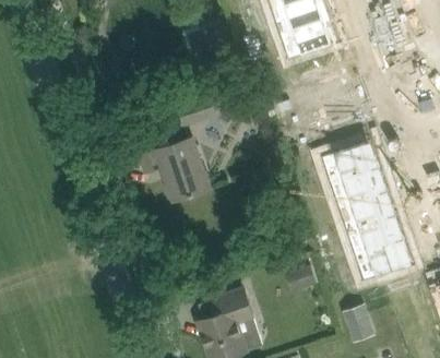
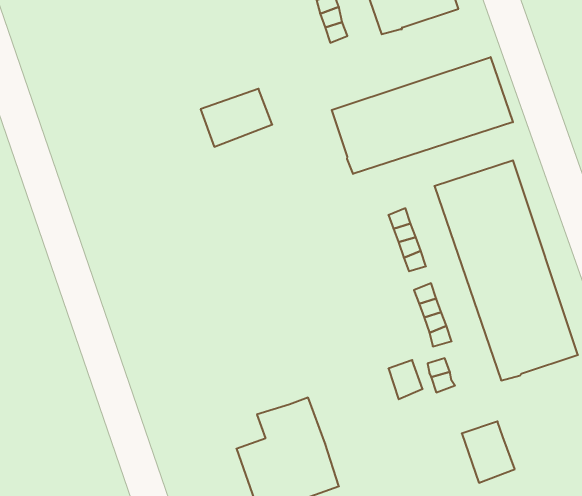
building: none -> [332,57,513,174]
building: [138,136,207,200] -> none

